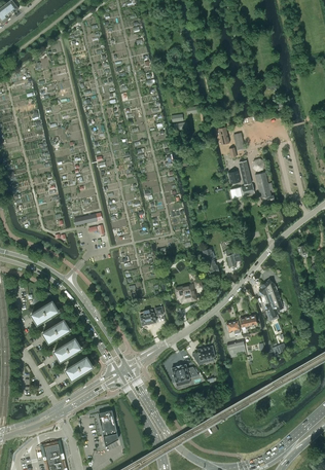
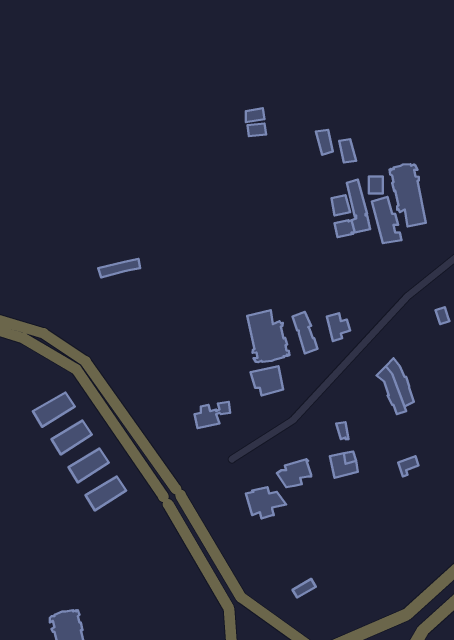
building: none -> [390,164,426,227]
building: none -> [247,310,289,362]
building: [98,410,118,445] -> none

